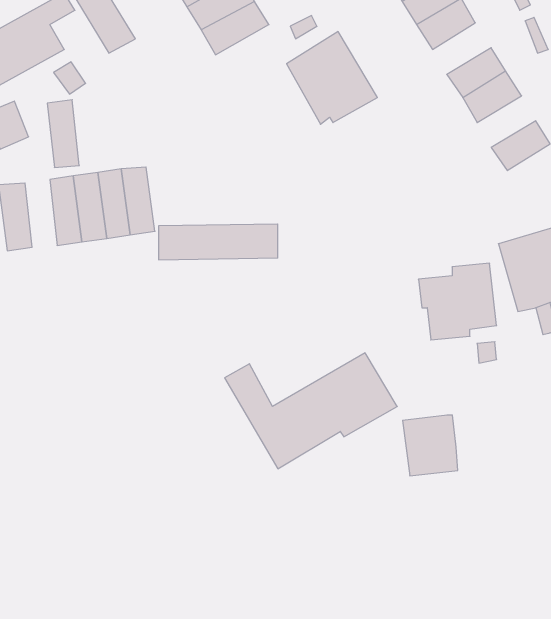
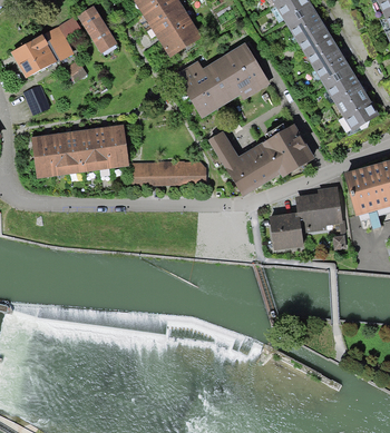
building: none -> [303,36,340,68]
building: none -> [175,60,233,117]
building: none -> [331,81,368,114]
building: [47,100,79,167] -> [48,134,68,176]
building: [225,353,397,469] -> [207,125,315,197]
building: [403,415,458,476] -> [269,214,303,252]

